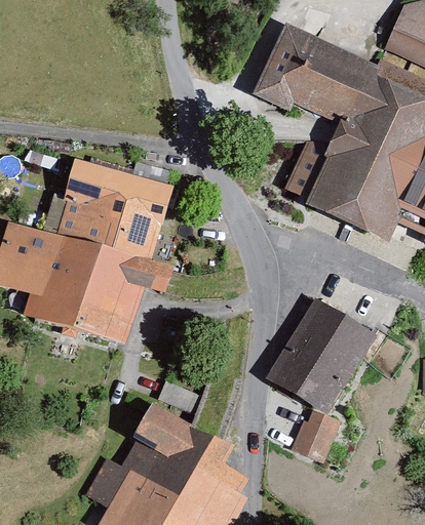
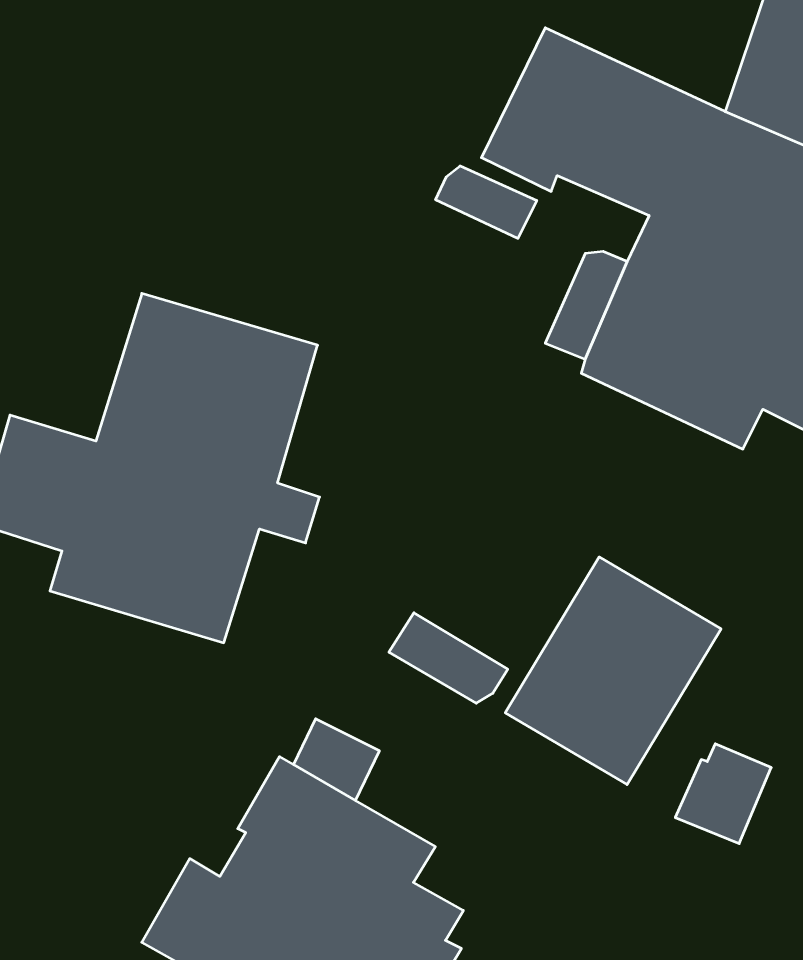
building: none -> [436,166,537,238]
building: none -> [389,613,508,703]
building: [291,412,340,463] -> [675,744,771,844]

